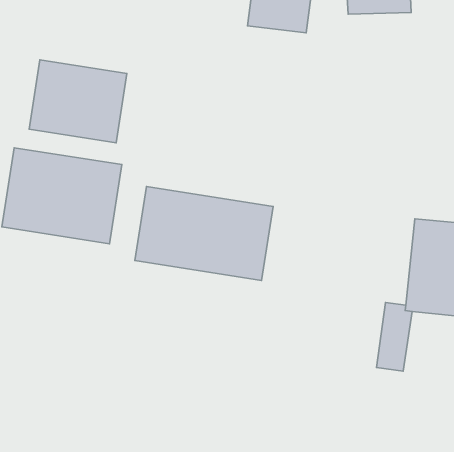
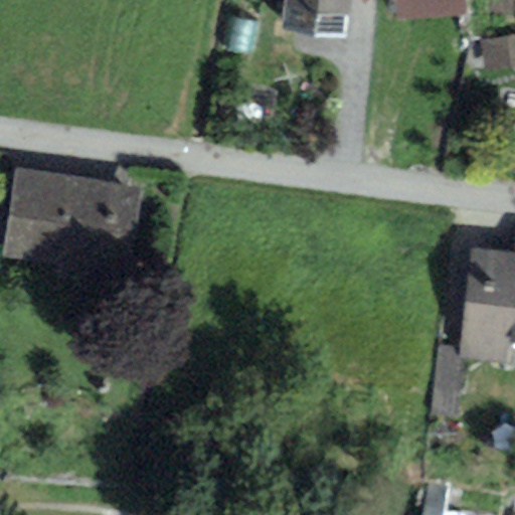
building: [29,60,127,143] -> none
building: [135,186,273,280] -> none

